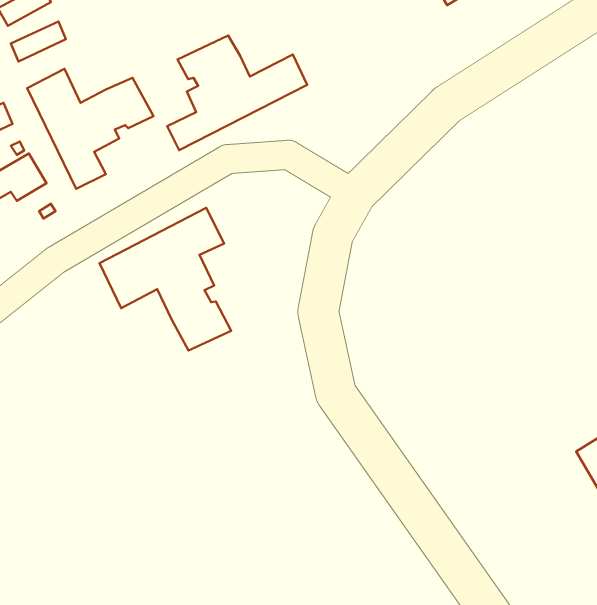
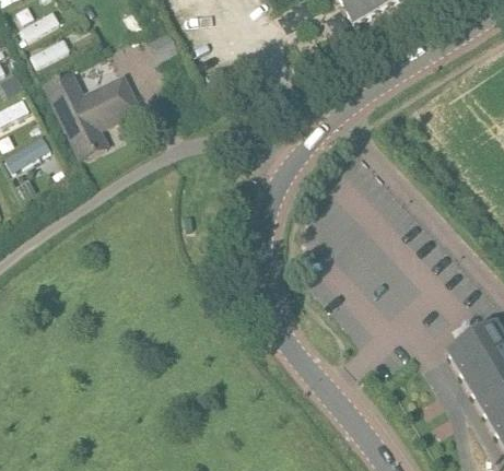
building: [167,36,307,150] -> none
building: [99,208,231,351] -> none

